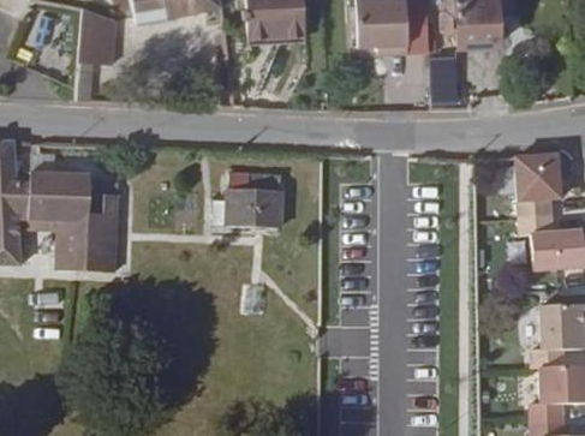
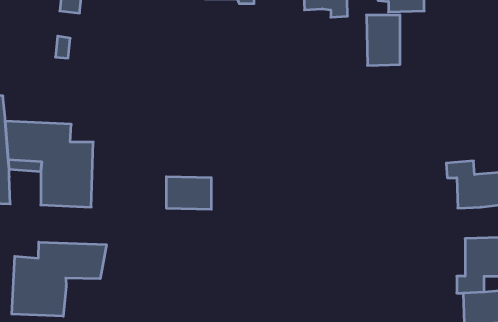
building: [518,154,562,220] -> none
building: [231,187,282,225] -> [166,177,211,209]
building: none -> [12,242,106,316]

